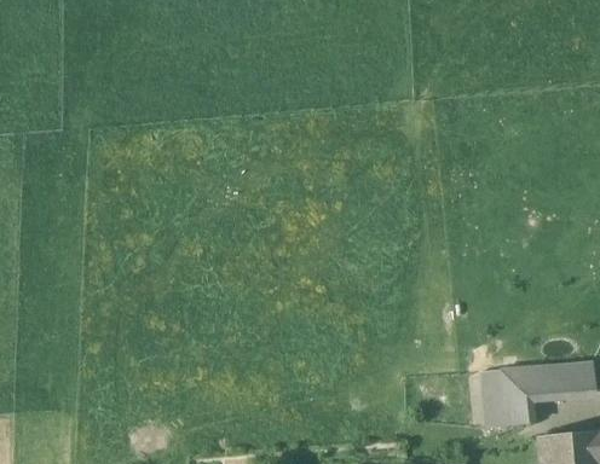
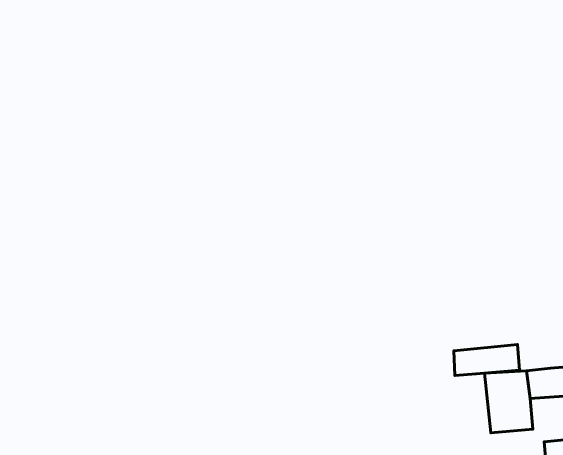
building: none -> [454,345,520,375]

